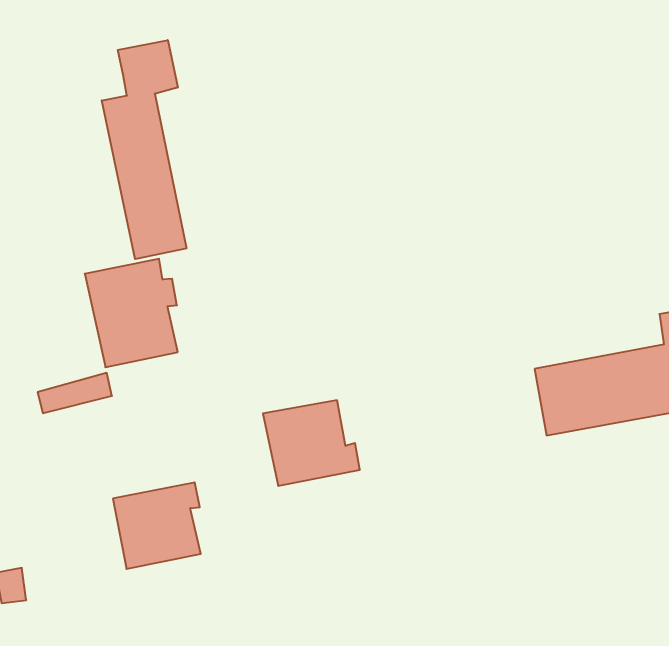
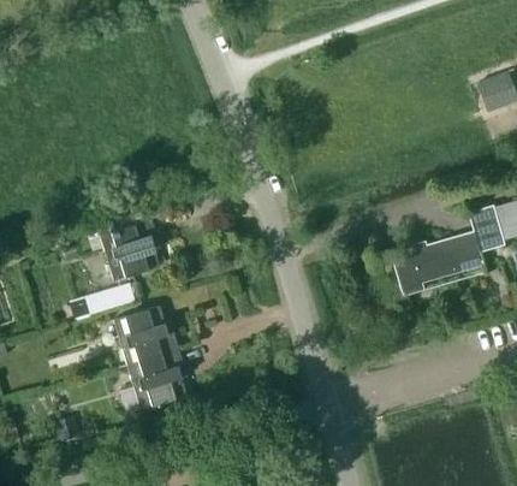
building: [102,40,186,259] -> none
building: [263,400,360,486] -> [113,307,179,366]

